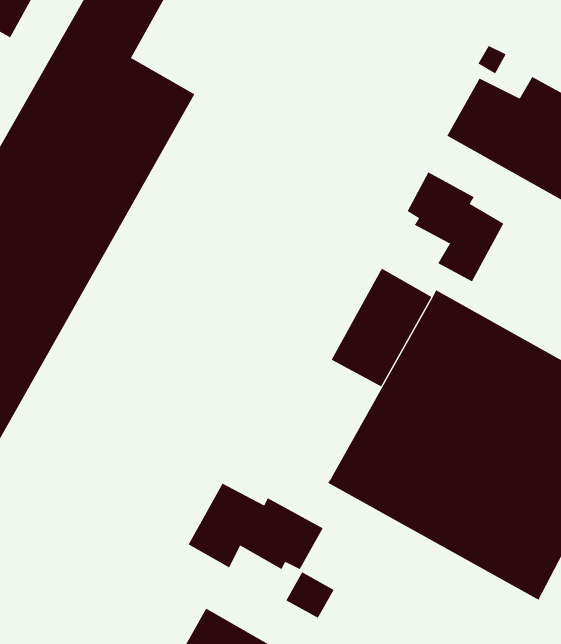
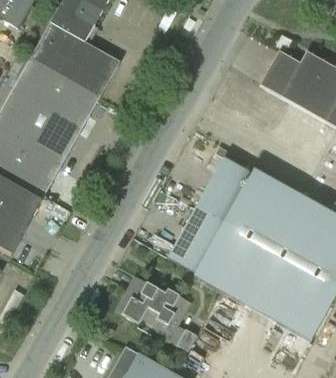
building: [407,172,504,282] -> none
building: none -> [166,207,223,272]

